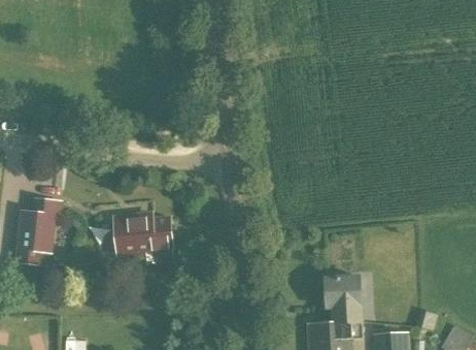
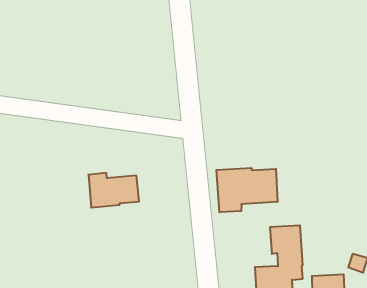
building: [16,198,60,263] -> none
building: none -> [216,168,278,212]

